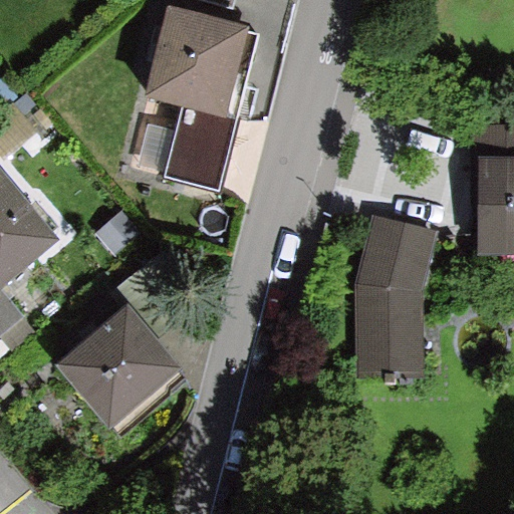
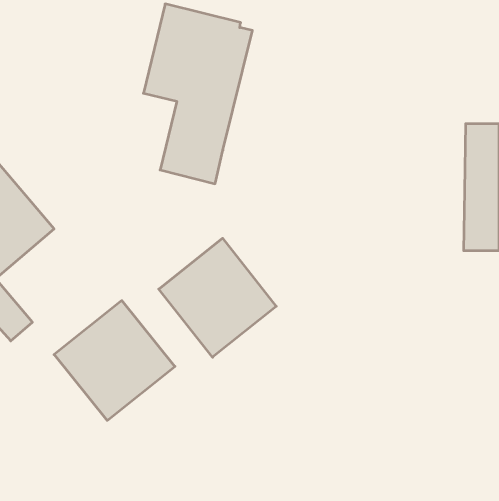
building: [358,221,438,369] -> none
building: none -> [159,238,276,357]

